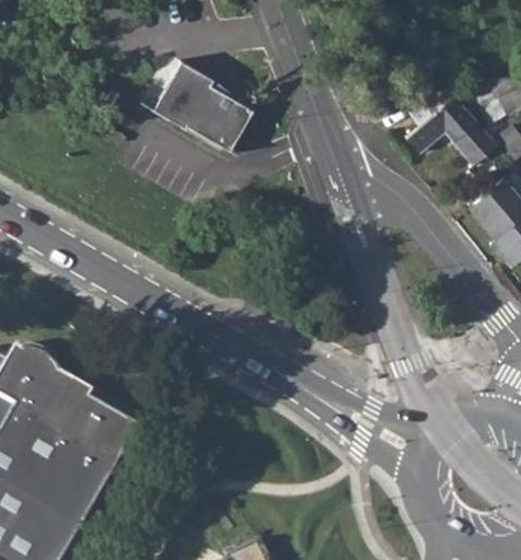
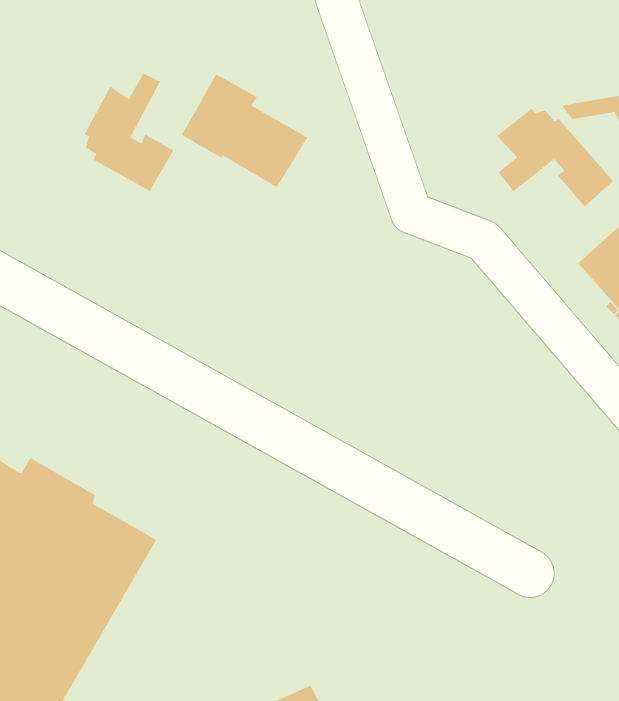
building: none -> [84,73,174,192]

